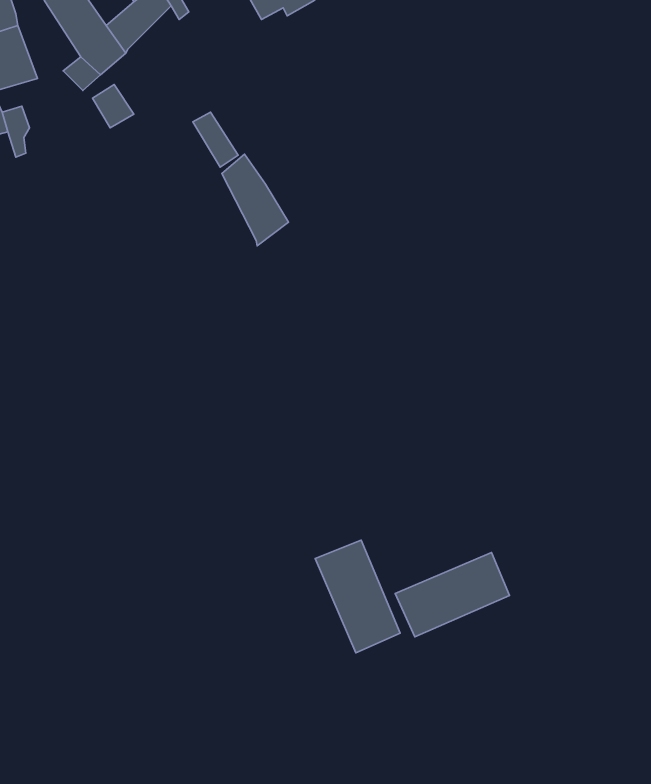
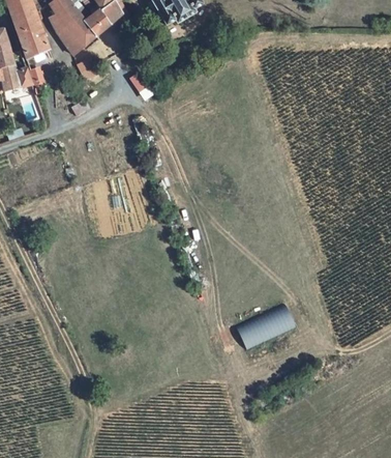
building: [222,154,289,246] -> none
building: [315,540,400,653] -> none

